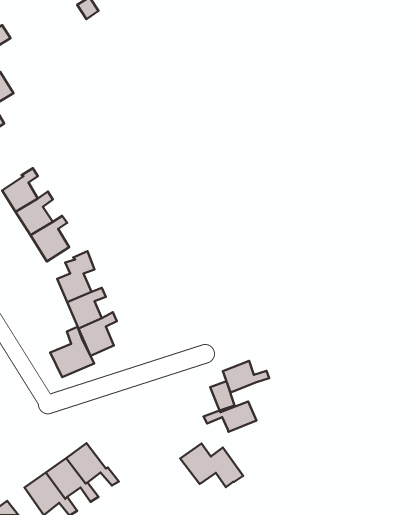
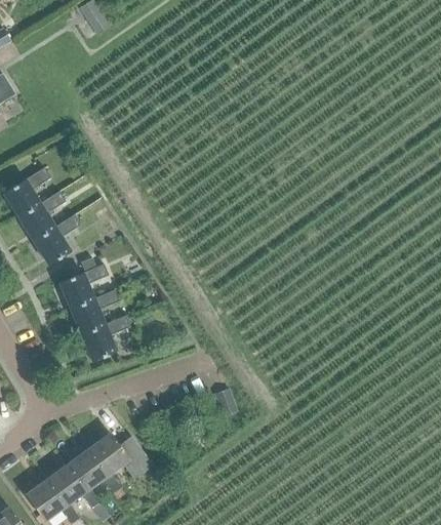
building: [50,327,94,377] -> none
building: [223,361,269,393] -> none
building: [204,401,257,432] -> none
building: [180,443,243,487] -> [89,434,153,478]

